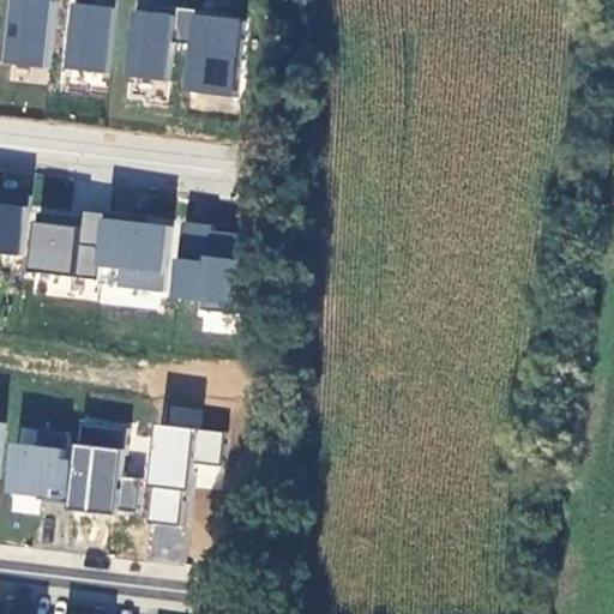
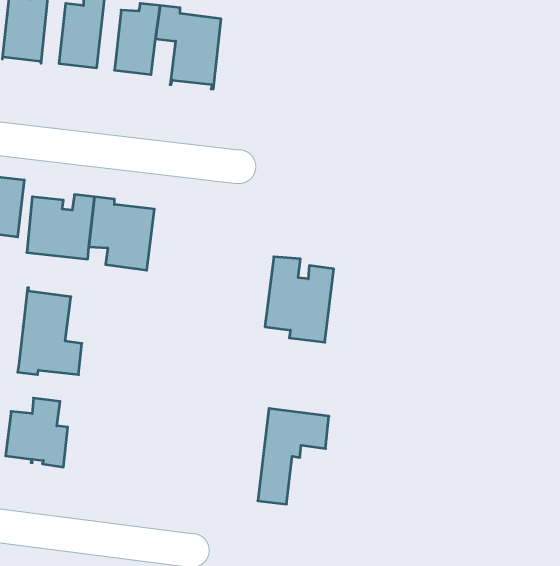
building: [170,222,245,314] -> [265,257,334,342]
building: [67,419,137,512] -> [18,288,82,375]
building: [144,423,221,526] -> [258,408,329,504]

